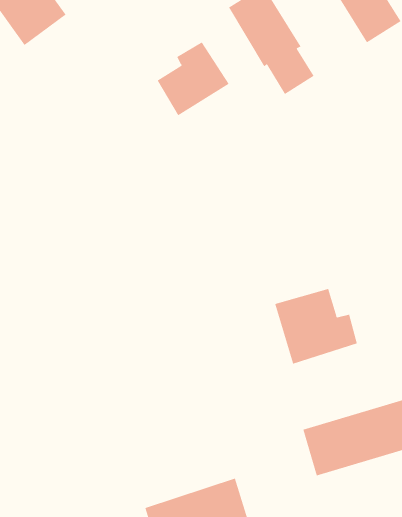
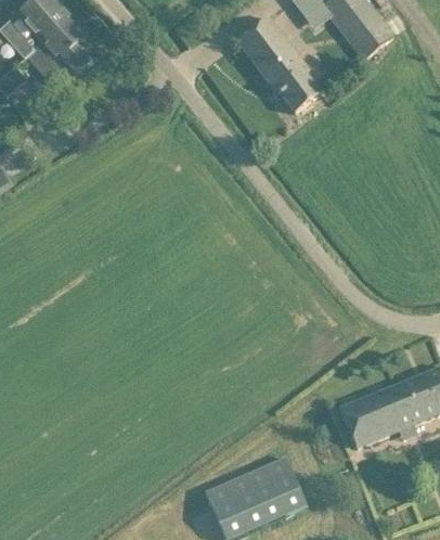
building: [157,42,230,116] -> none
building: [275,288,358,365] -> none

